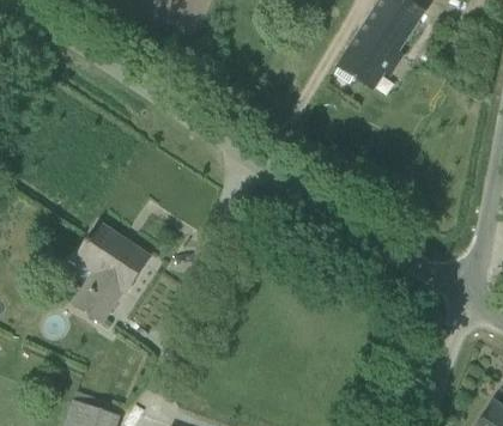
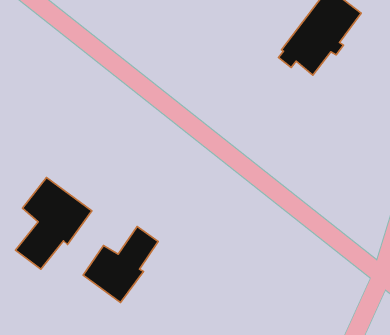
building: none -> [83,226,158,303]

